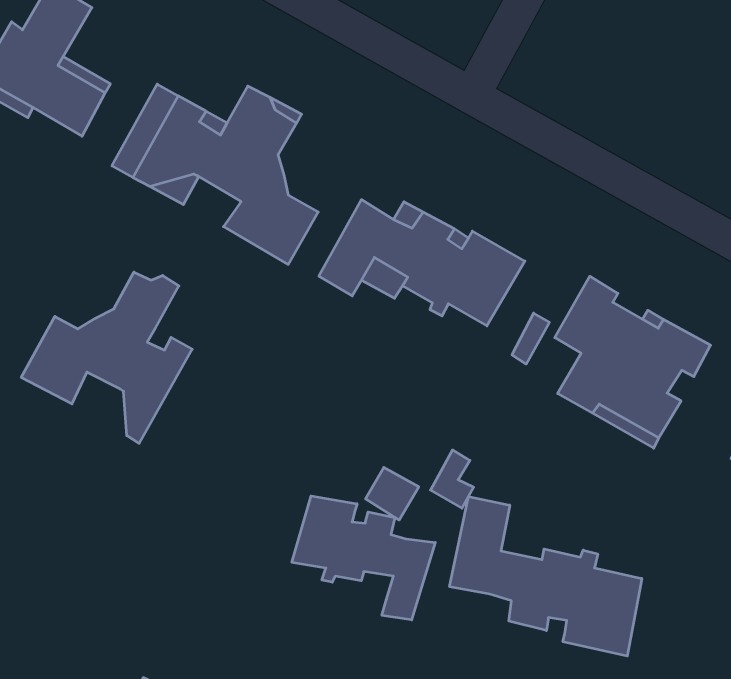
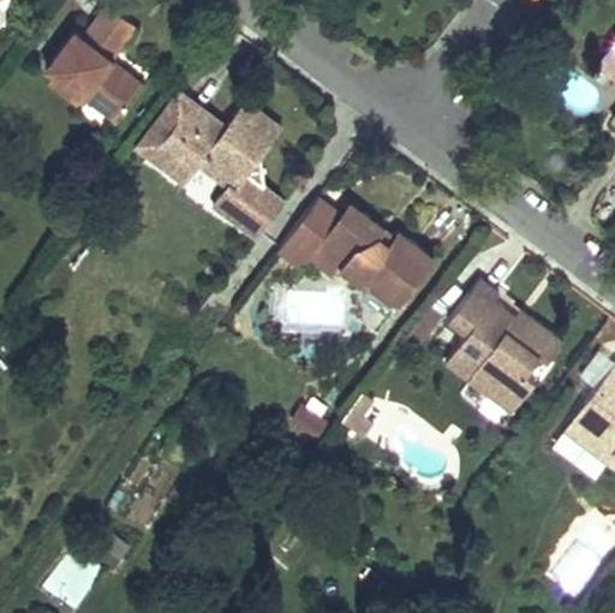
building: [21,272,192,443] -> none
building: [292,496,435,620] -> none
building: [450,496,642,656] -> none

